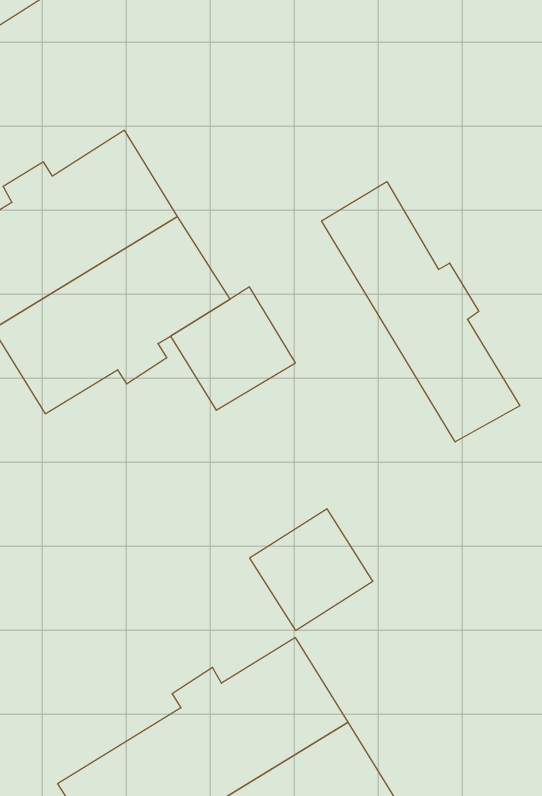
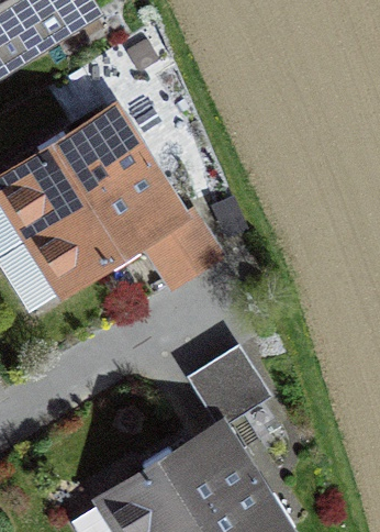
building: [322,182,520,442] -> none

